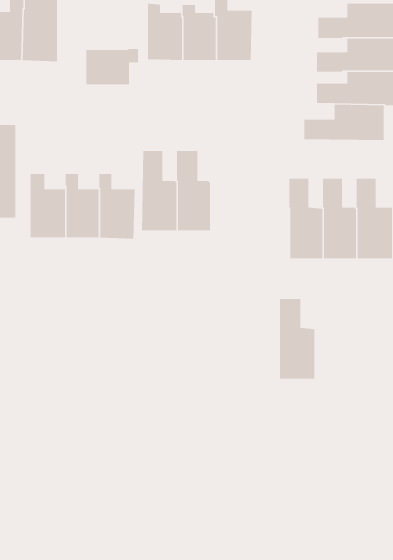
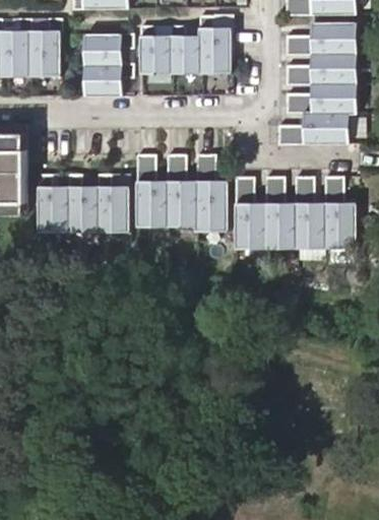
building: none -> [83,35,130,65]
building: none -> [191,154,224,230]
building: [279,298,315,379] -> [231,178,262,249]

